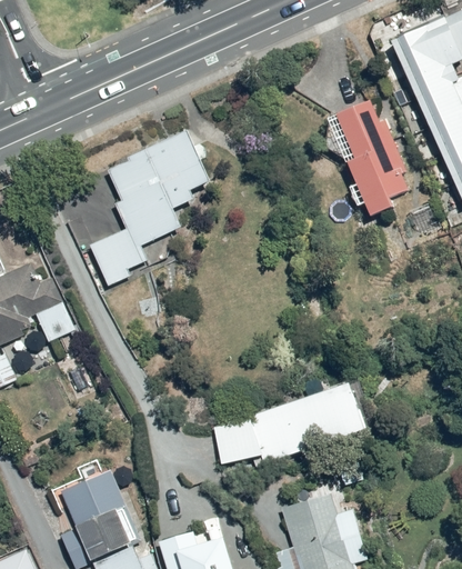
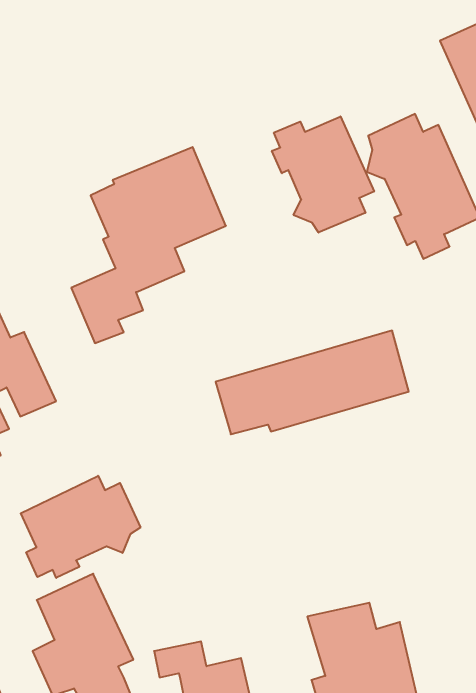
building: none -> [272,116,374,233]
building: [212,385,368,468] -> [216,331,409,434]
building: none -> [21,476,140,578]

